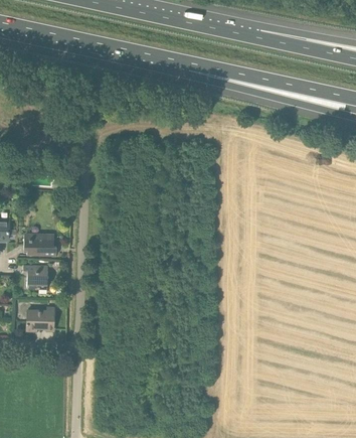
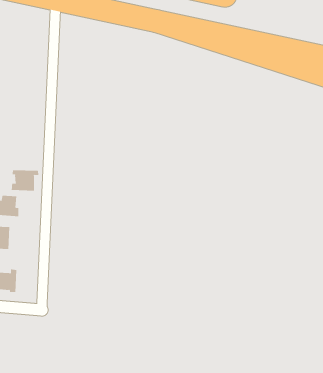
building: none -> [11,169,39,191]

